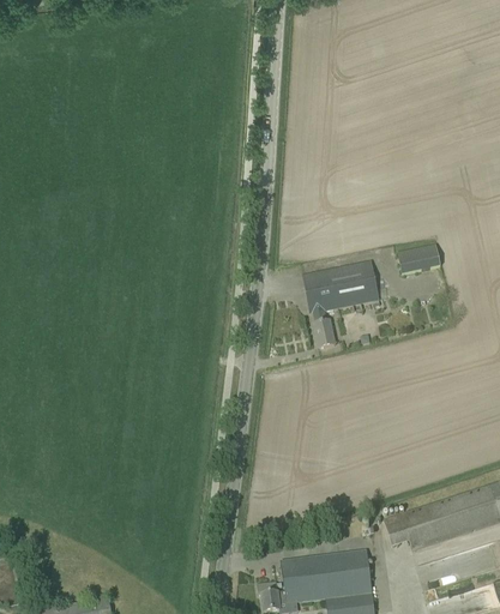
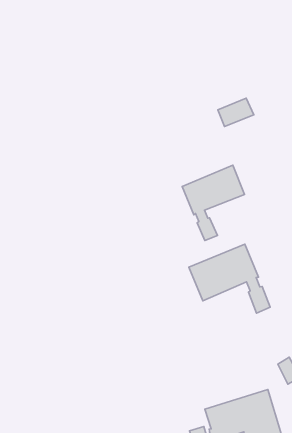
building: [394,242,439,273] -> [218,98,254,127]
building: none -> [189,244,270,313]

